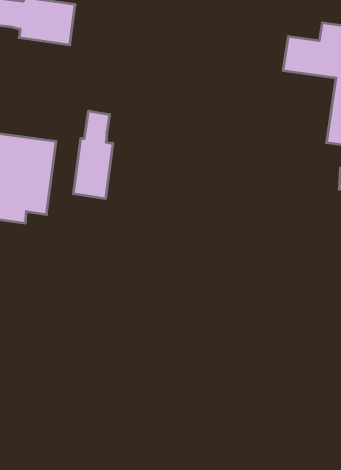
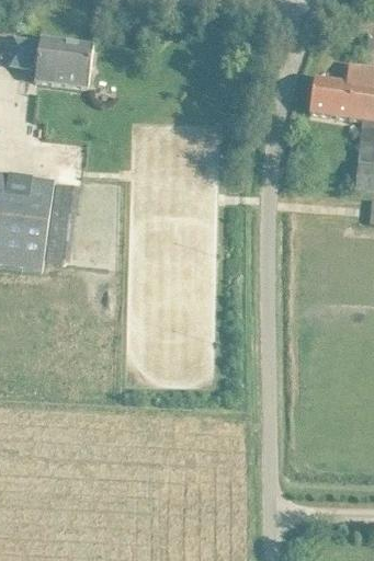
building: [74,111,113,199] -> none

